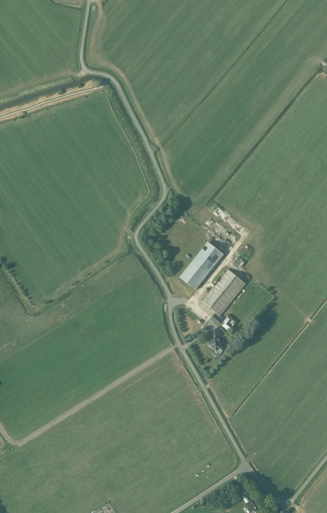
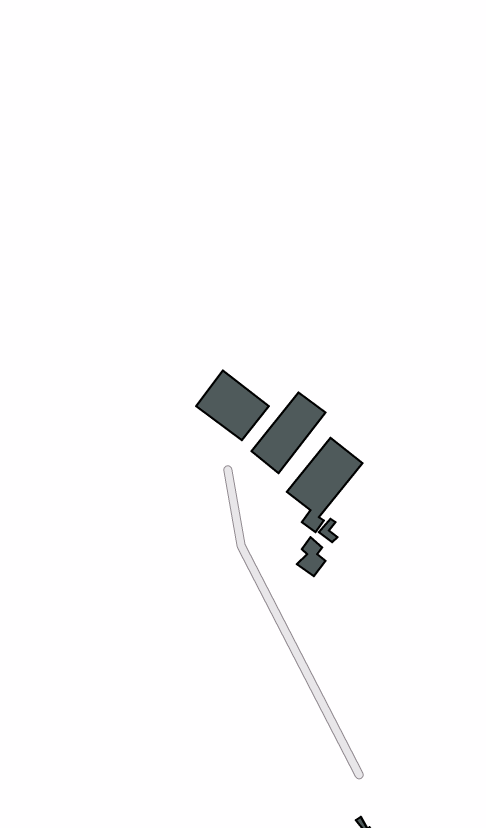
building: none -> [196,371,269,440]

